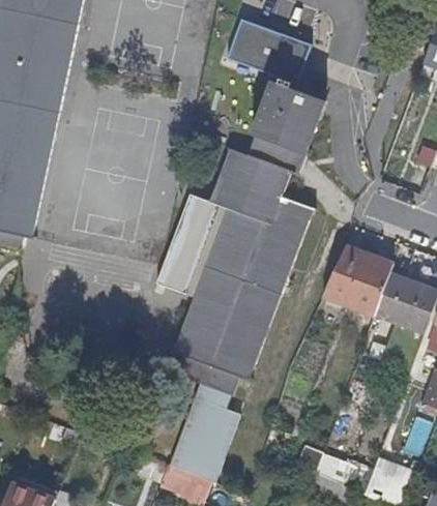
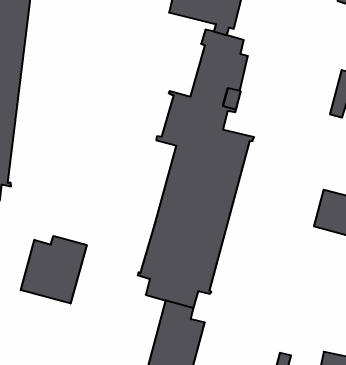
building: [155,195,226,296] -> none
building: [323,246,392,314] -> none
building: none -> [21,236,87,304]

